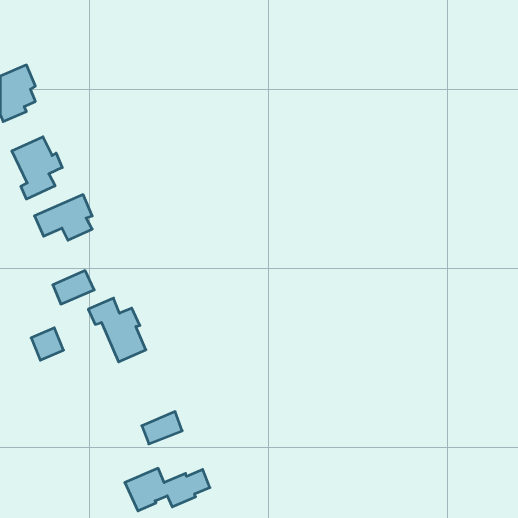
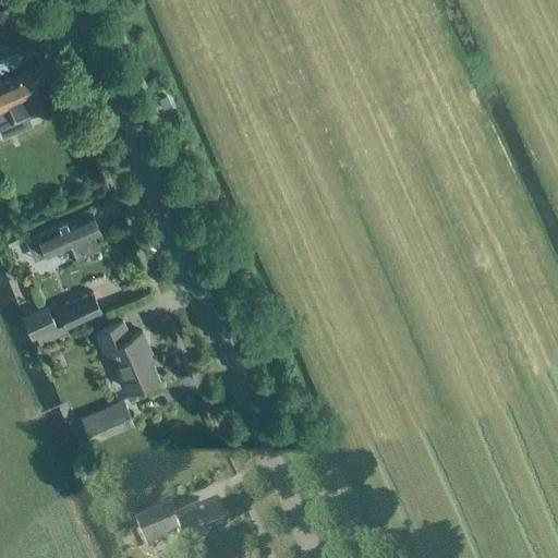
building: [12,137,62,199] -> none
building: [31,328,64,360] -> [21,304,56,339]
building: [142,412,182,444] -> [89,405,133,440]

